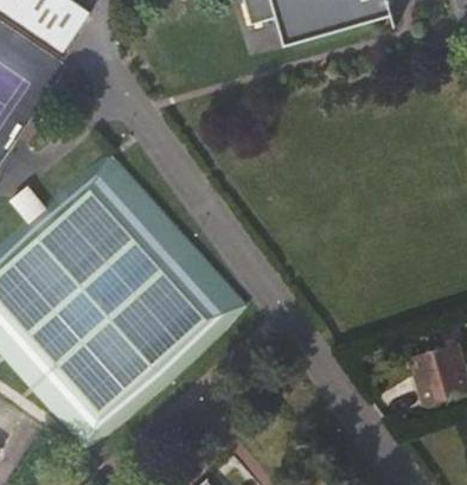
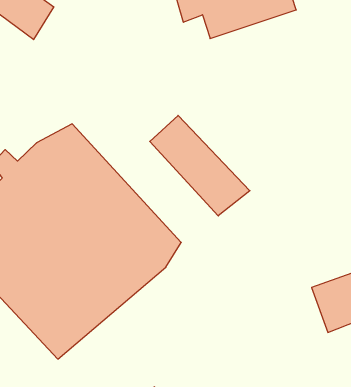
building: none -> [150,115,250,216]

